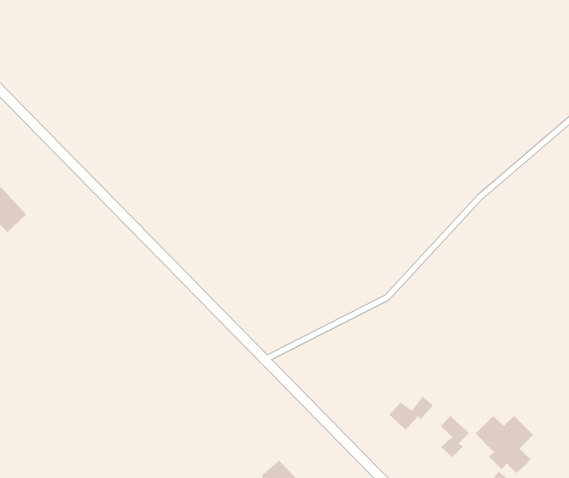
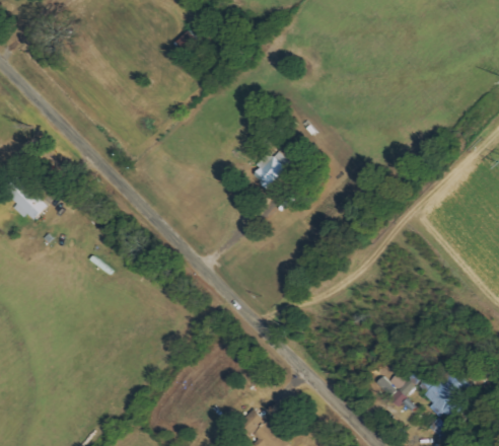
building: none -> [253,148,291,190]
building: [389,395,434,431] -> none

